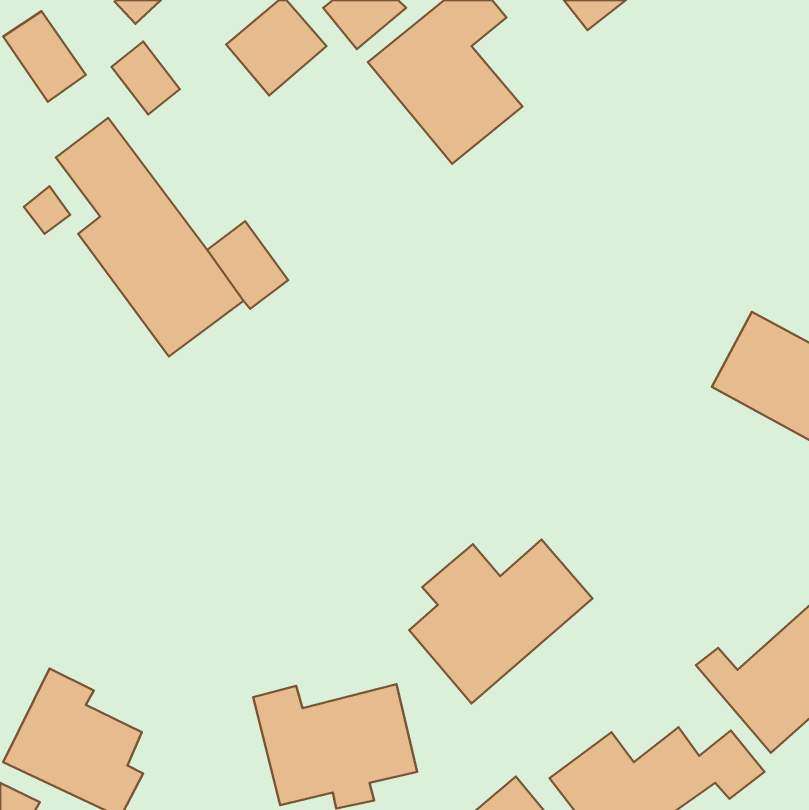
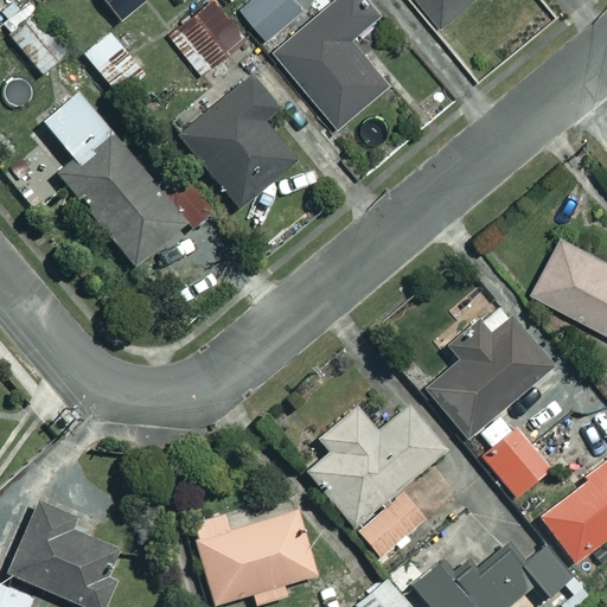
building: none -> [179,76,294,209]
building: none -> [424,320,554,440]
building: none -> [480,421,551,497]
building: none -> [358,496,423,560]

